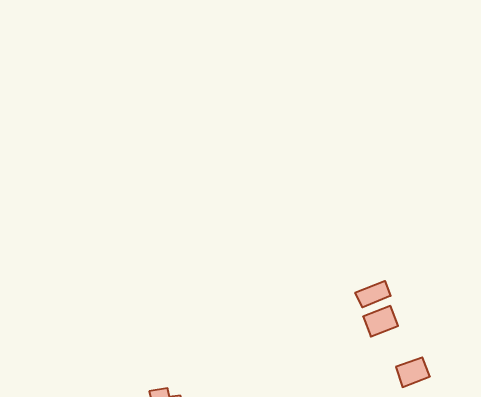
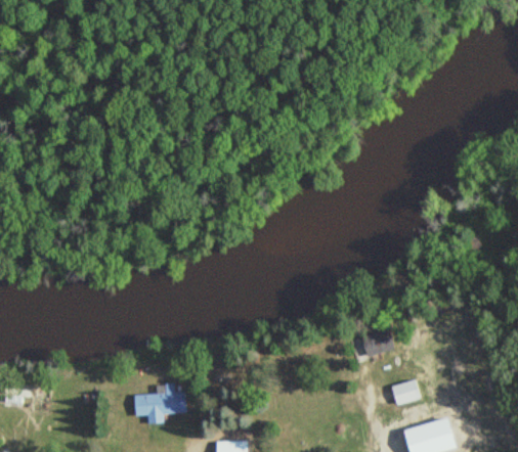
building: [355,281,391,307] -> none

